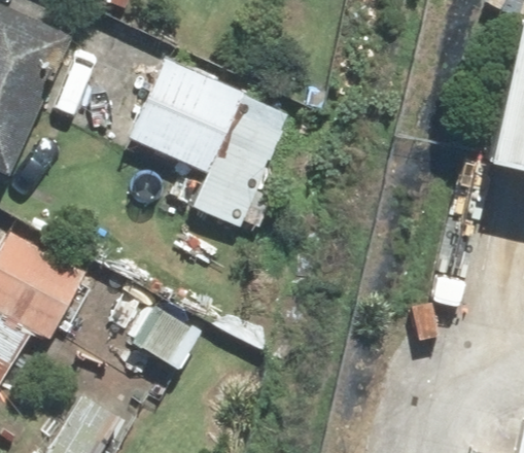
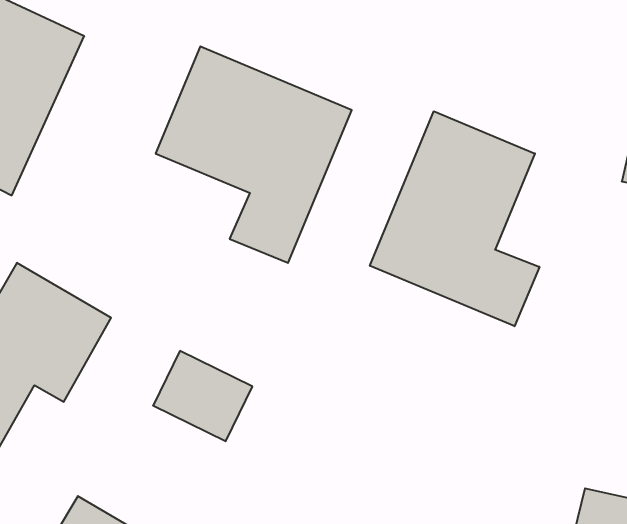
building: none -> [370,111,539,326]

